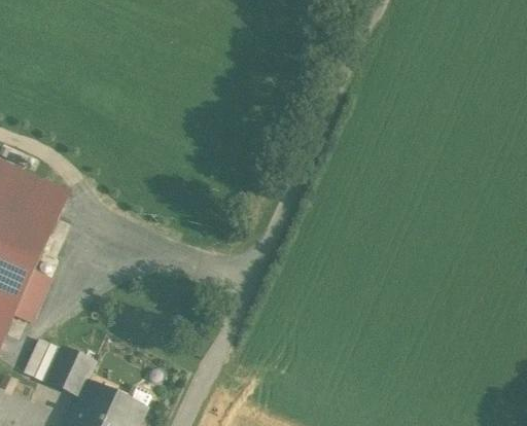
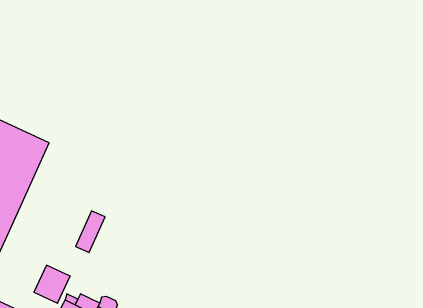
building: [13,274,49,324] -> [76,211,105,252]
building: [26,342,57,379] -> none

